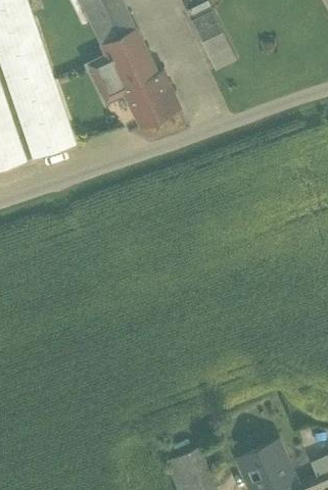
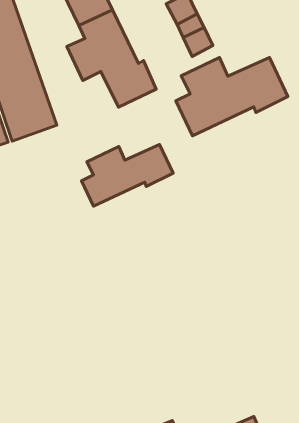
building: none -> [176,57,288,136]
building: none -> [81,145,173,206]

